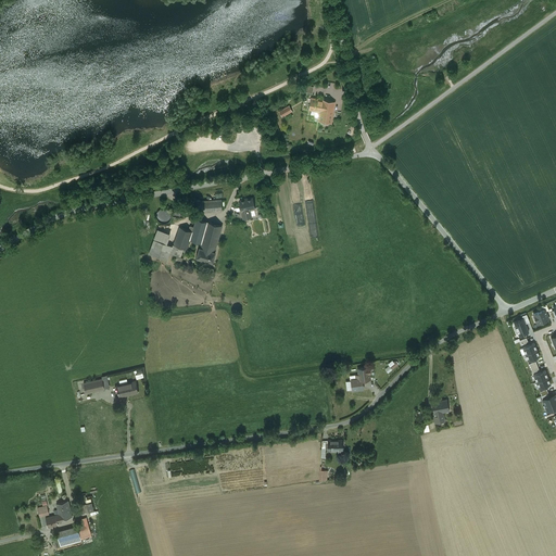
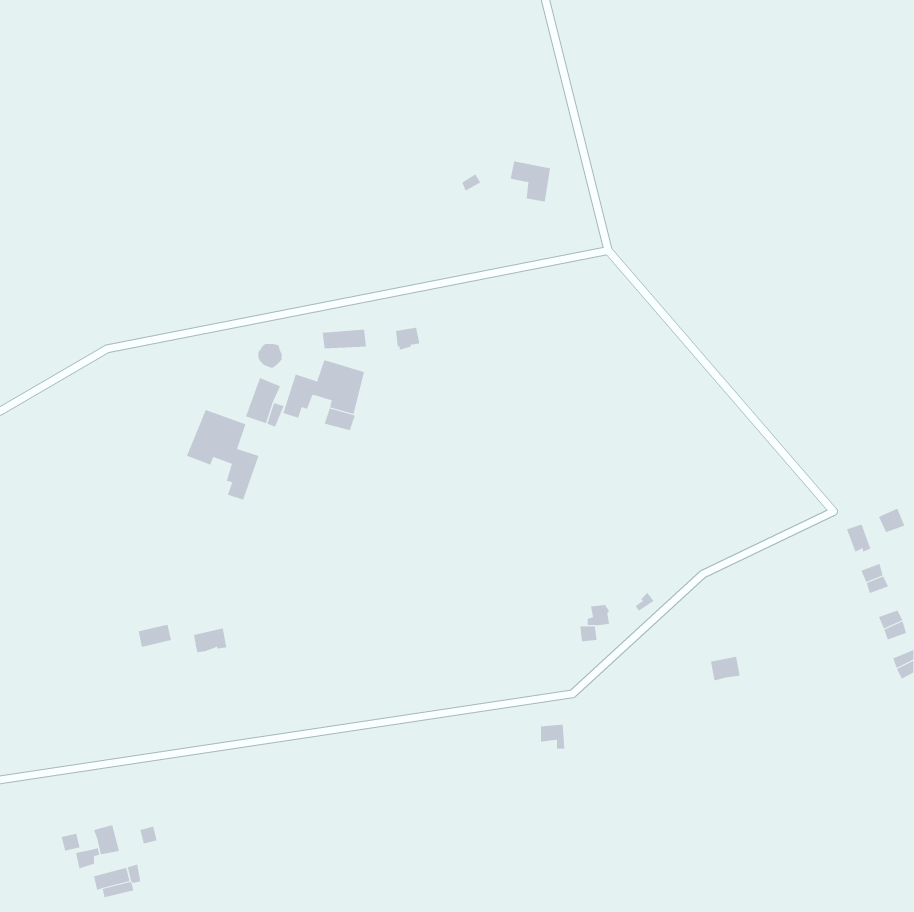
building: none -> [186,409,259,501]

